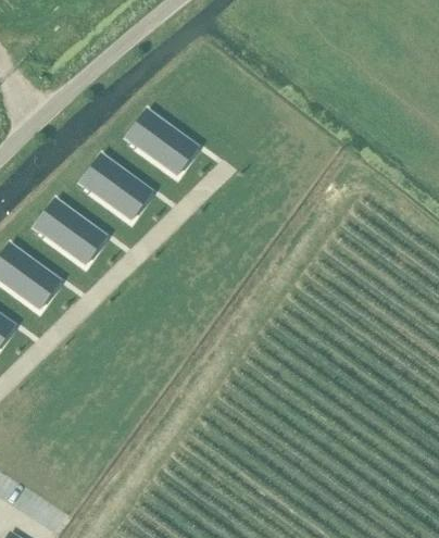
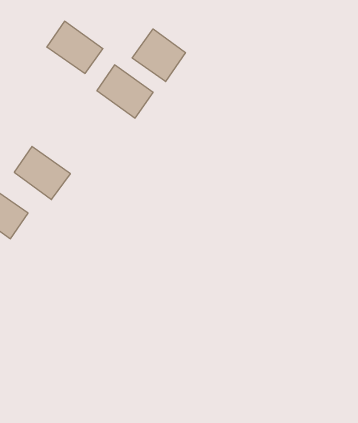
building: none -> [132,29,185,82]
building: [87,159,149,216] -> [47,21,103,73]

